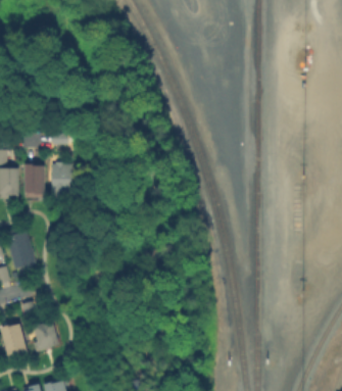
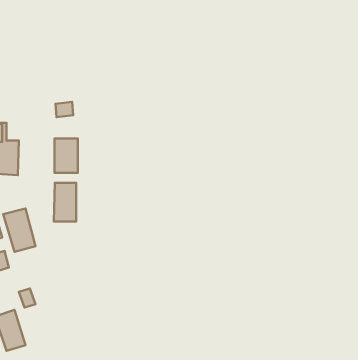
building: [27,161,47,197] -> [54,183,76,222]
building: [32,319,58,347] -> none

